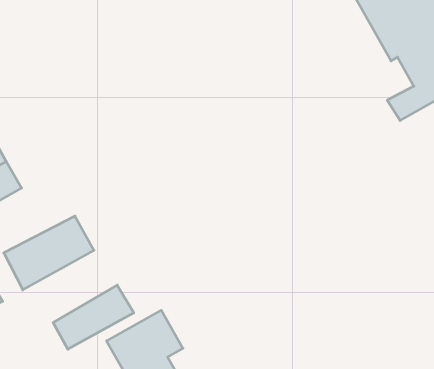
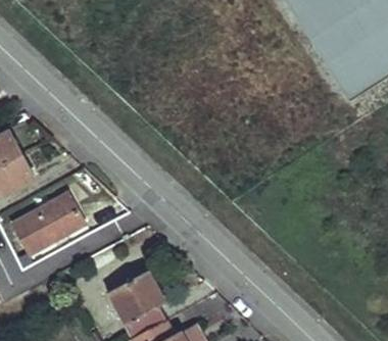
building: [53,285,134,349] -> none

